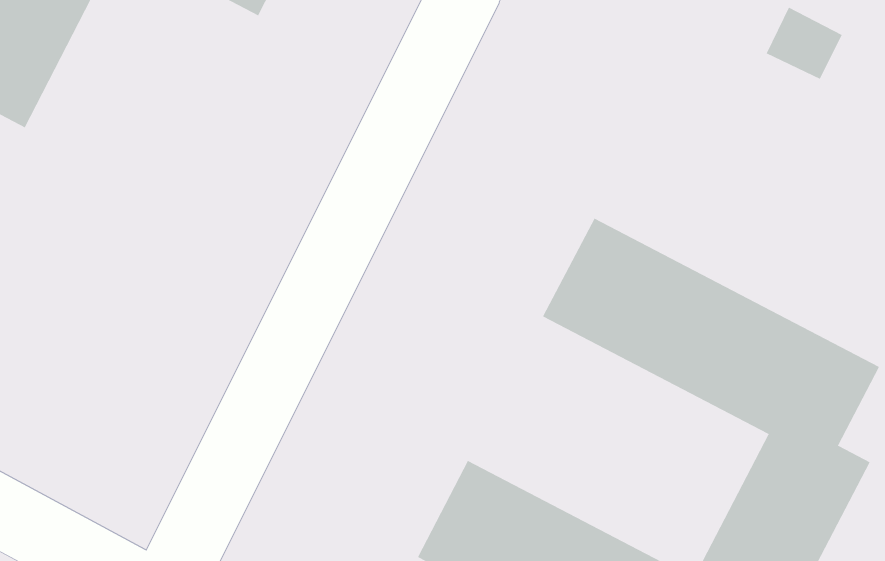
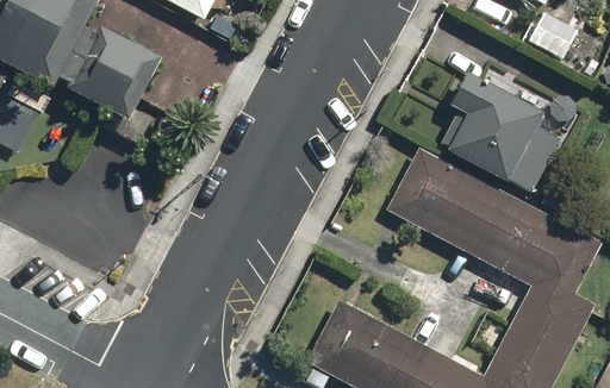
building: none -> [67,24,166,123]
building: none -> [448,73,552,193]

